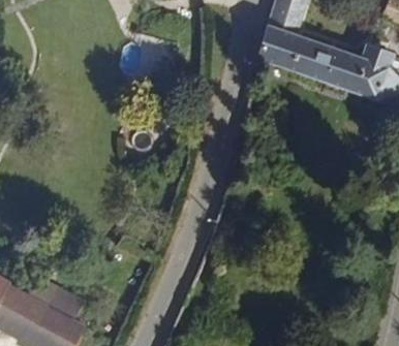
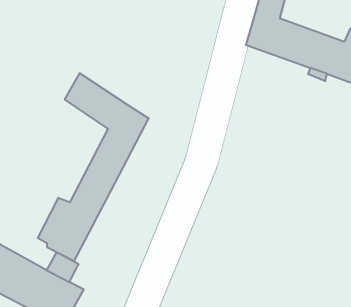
building: none -> [38,73,149,261]

